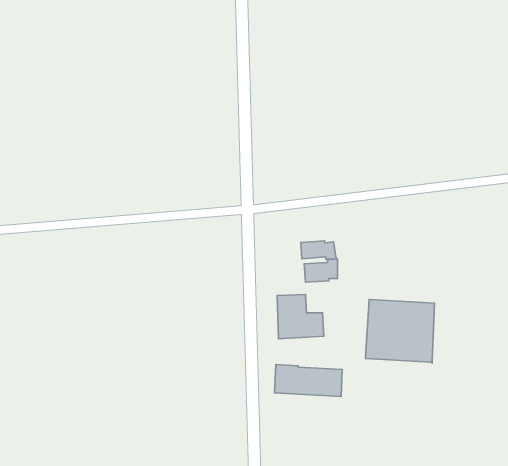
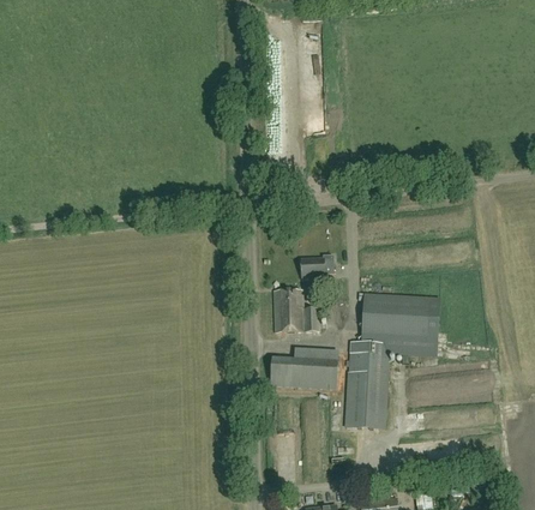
building: [301,241,336,259] -> none
building: none -> [344,350,387,427]

